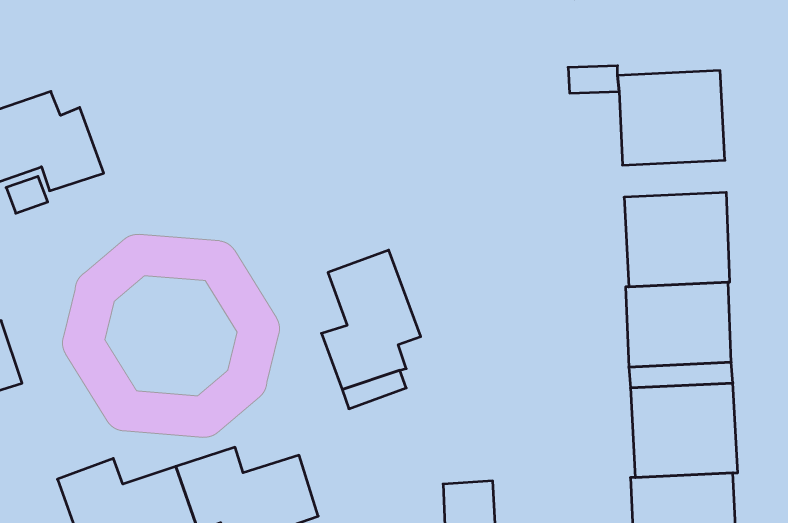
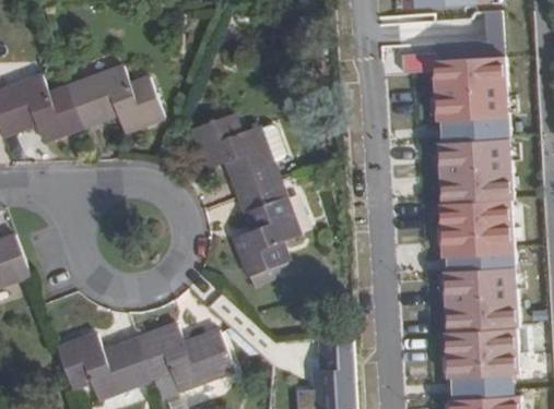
building: none -> [68,63,166,130]
building: none -> [193,112,285,197]
building: none -> [438,121,509,146]

